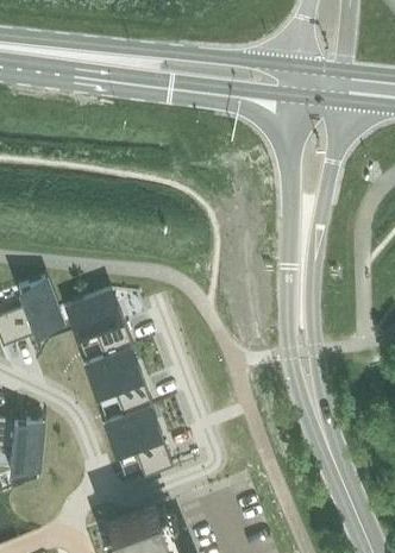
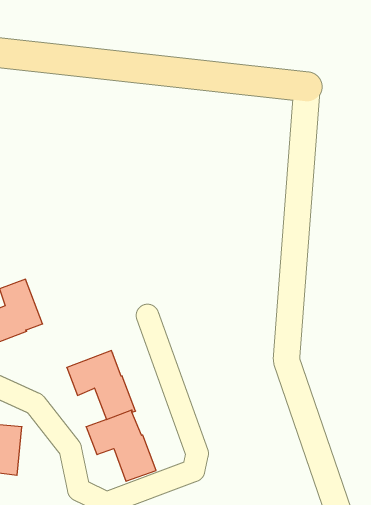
building: [67,291,134,359] -> none

